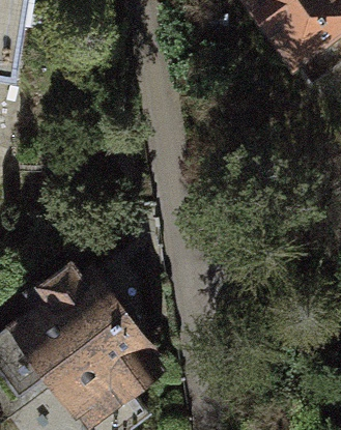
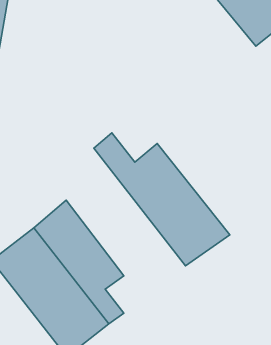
building: none -> [94,133,230,266]

